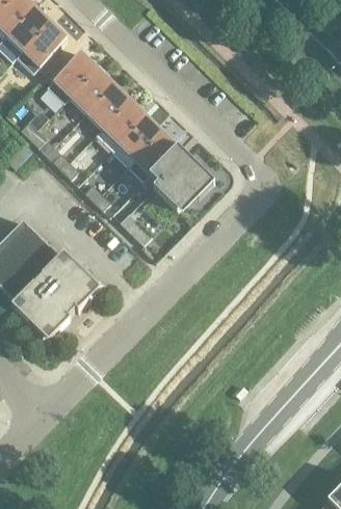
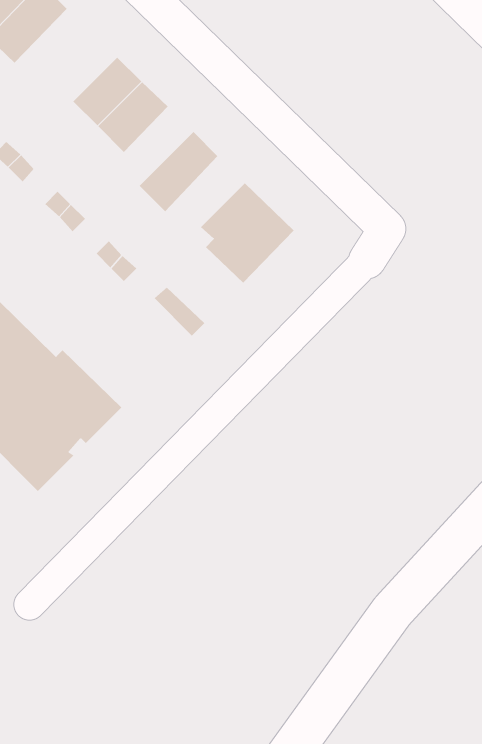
building: [47,52,98,103] -> none
building: [96,100,146,150] -> none
building: [128,131,178,182] -> none

